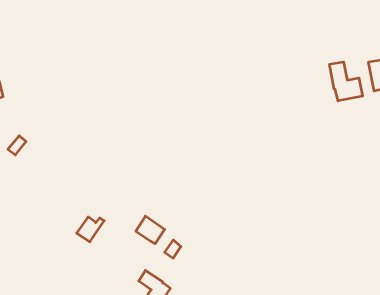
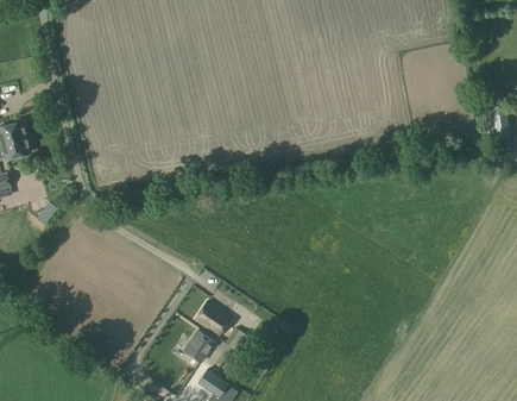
building: [330,62,363,101] -> none
building: [77,217,104,242] -> [184,331,219,362]

